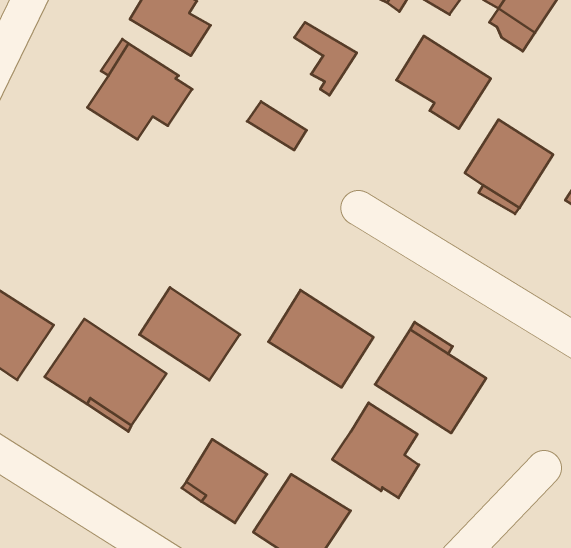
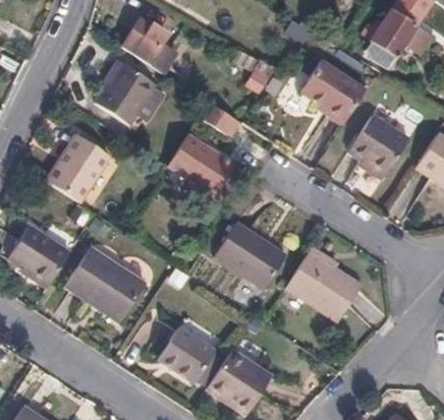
building: none -> [49,136,113,205]
building: [139,287,240,380] -> [169,132,236,194]
building: [332,403,419,498] -> none

